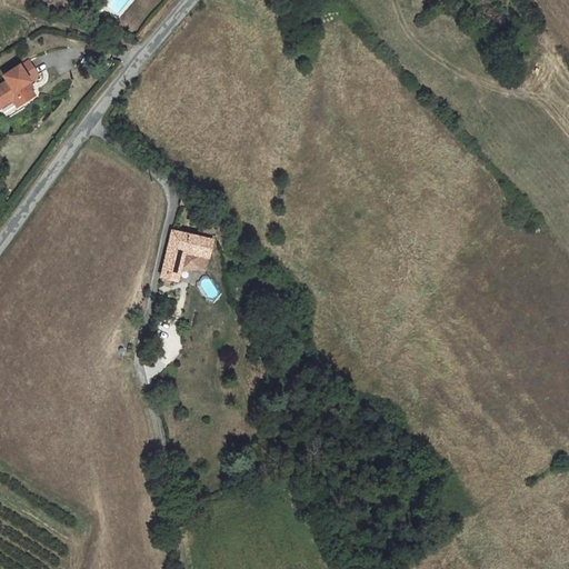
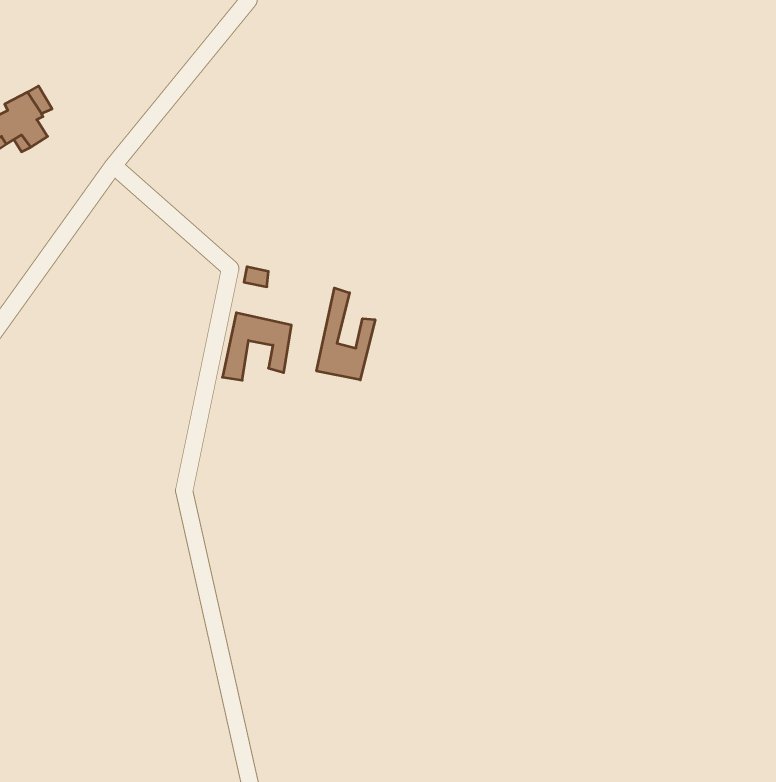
building: none -> [317,288,375,380]

